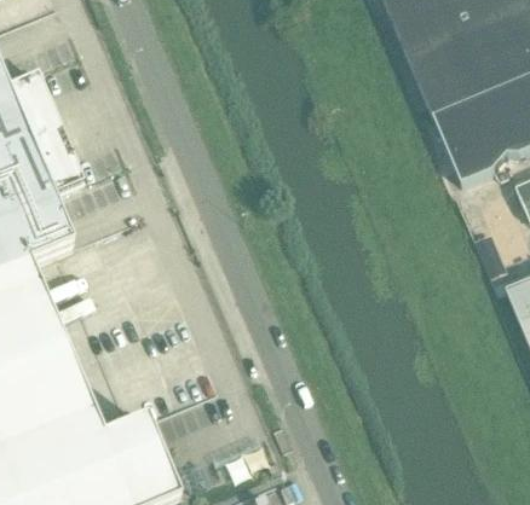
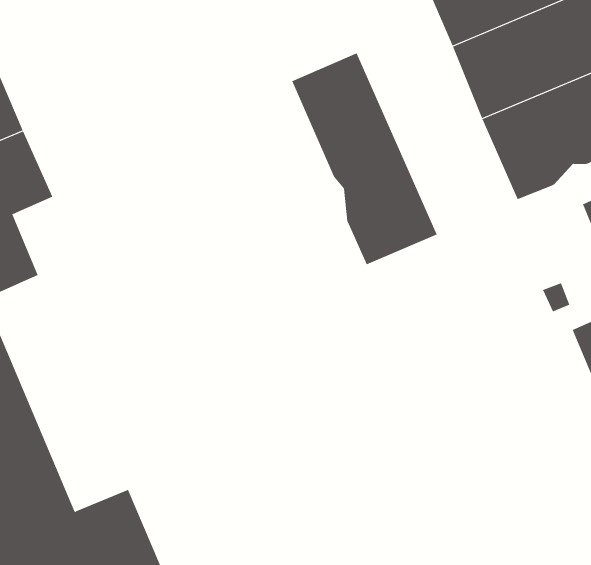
building: none -> [291,53,438,265]

